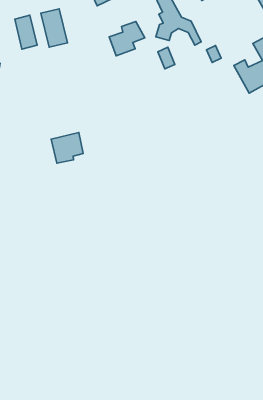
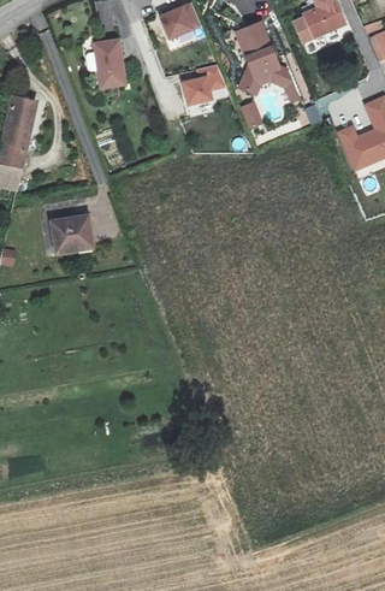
building: [15,15,37,49] -> none
building: [51,132,83,163] -> [52,214,91,252]

